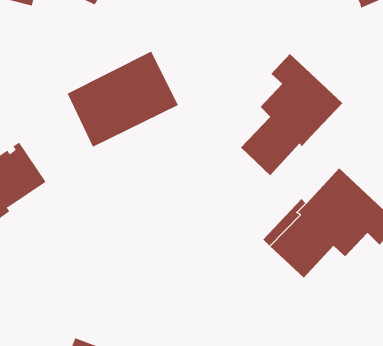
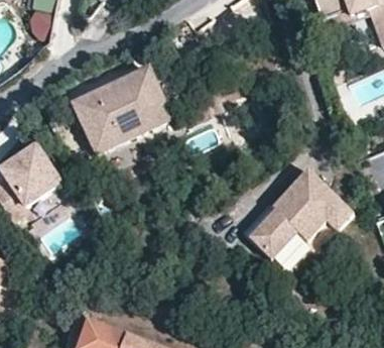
building: [240,53,343,176] -> none

